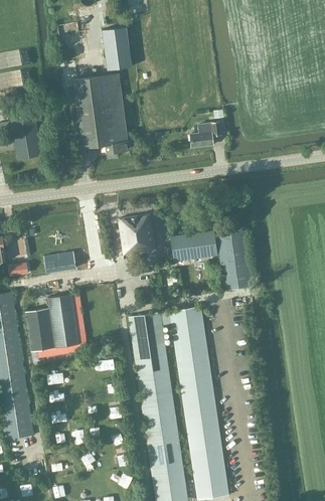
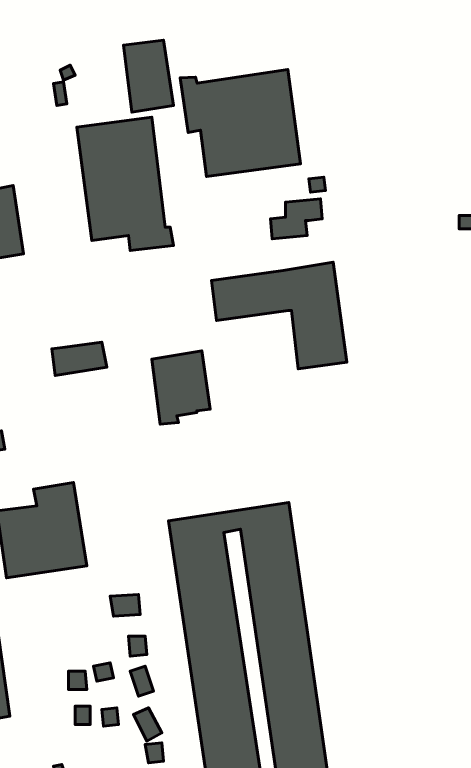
building: none -> [180,69,300,177]
building: [171,226,253,291] -> [211,262,347,369]
building: [43,253,76,273] -> [52,342,107,376]

